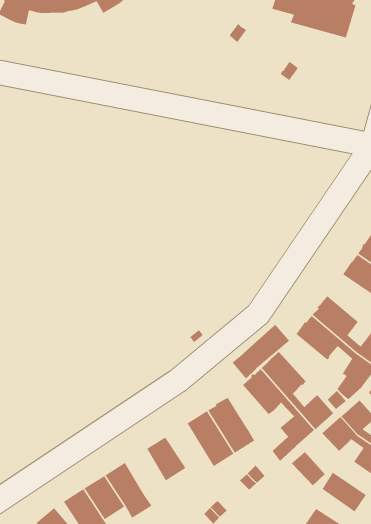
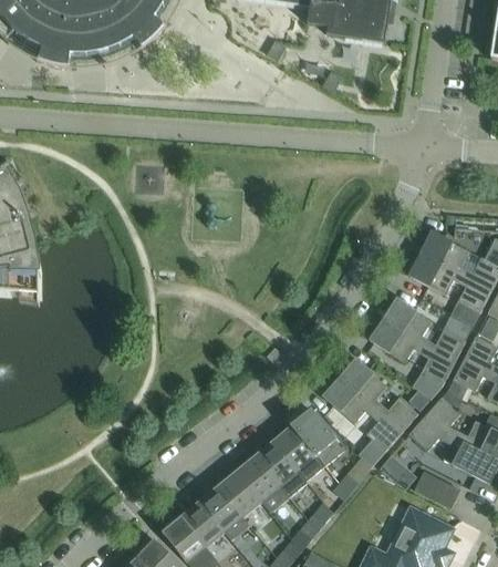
building: [231,324,290,379] -> none
building: none -> [255,441,305,495]
building: none -> [218,471,260,516]

